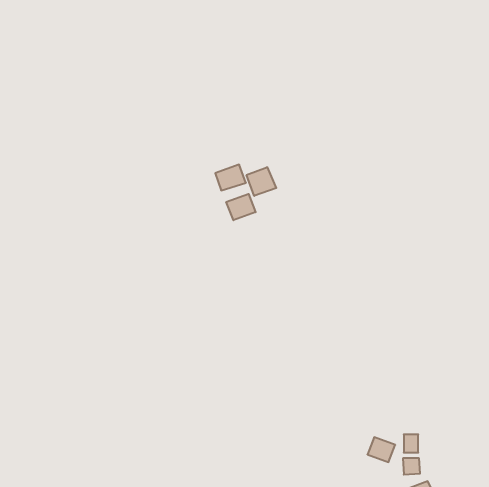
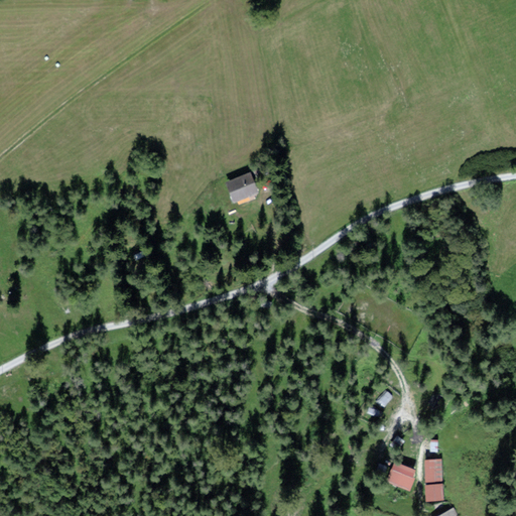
building: [247,167,276,196] -> none
building: [226,194,256,220] -> none

